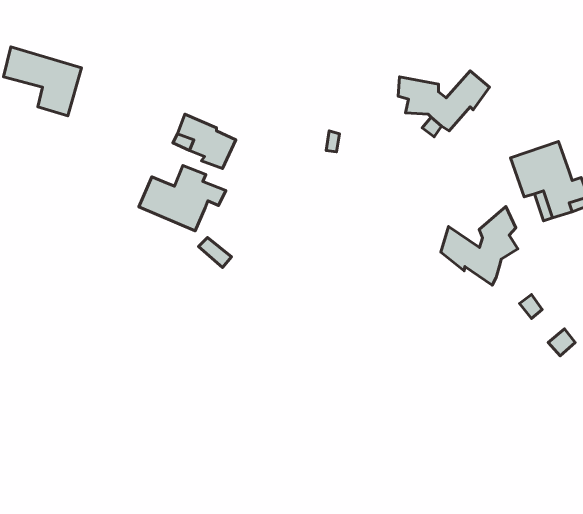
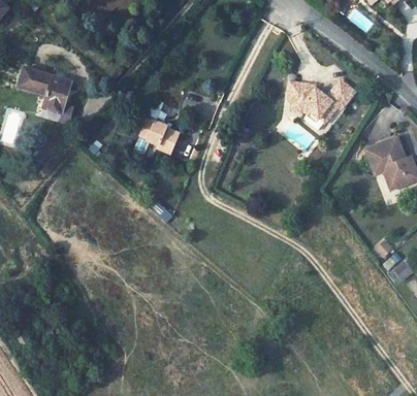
building: [139,165,226,231] -> none
building: [441,207,518,285] -> none

